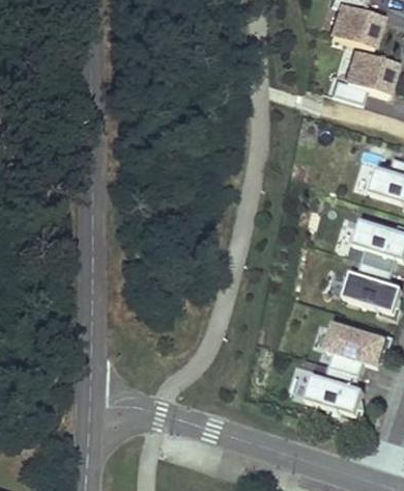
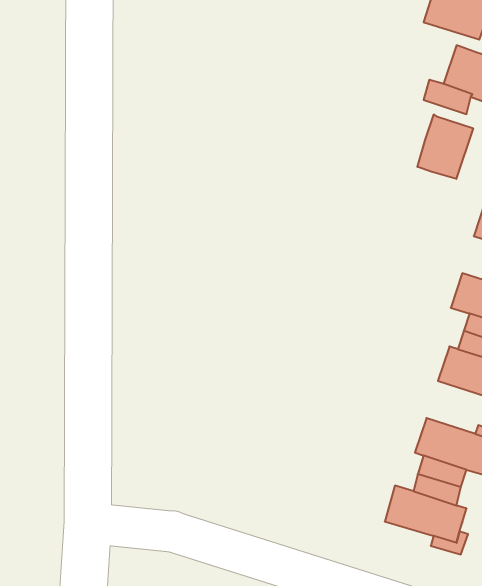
building: none -> [417,114,473,179]

